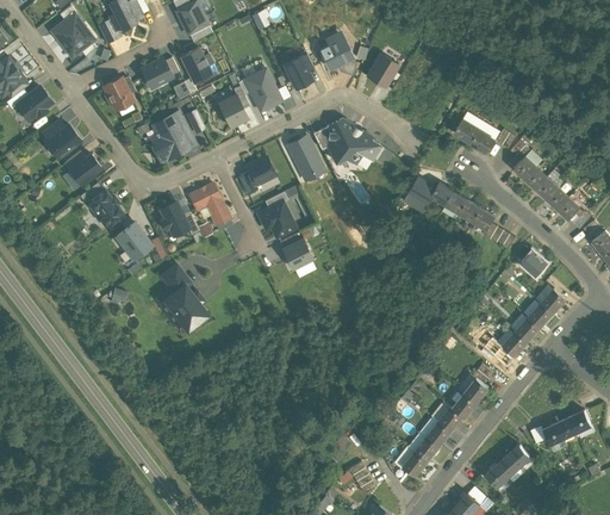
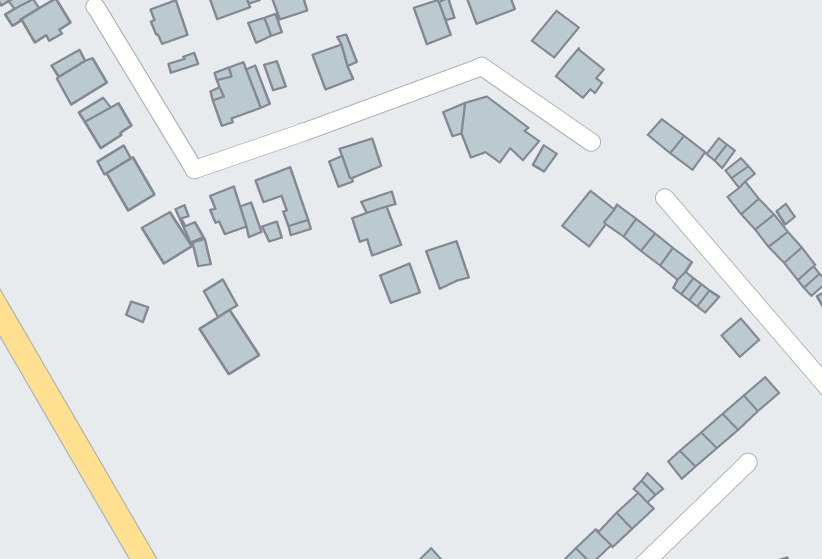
building: [244,69,281,112] -> none
building: none -> [556,48,604,98]
building: [288,137,323,179] -> none
building: none -> [426,241,469,289]

